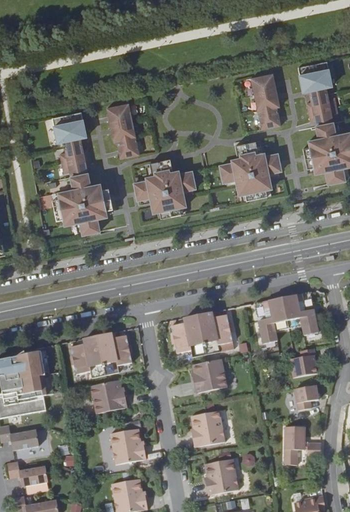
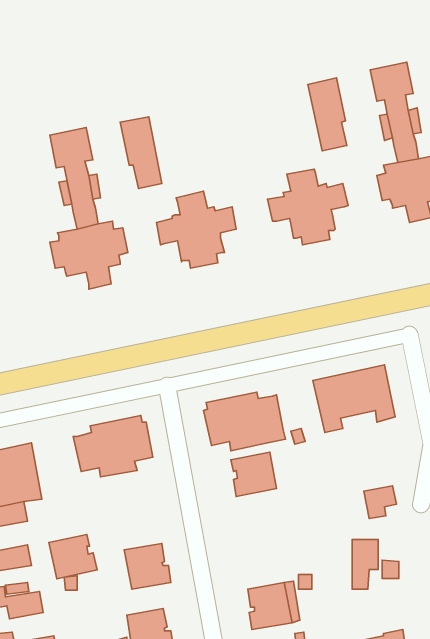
building: [289,349,316,378] -> none
building: [90,380,127,414] -> [49,535,97,579]
building: [190,411,224,447] -> none

